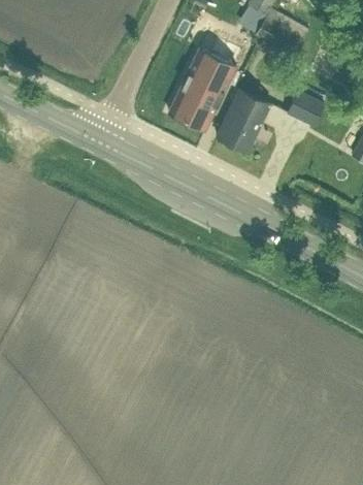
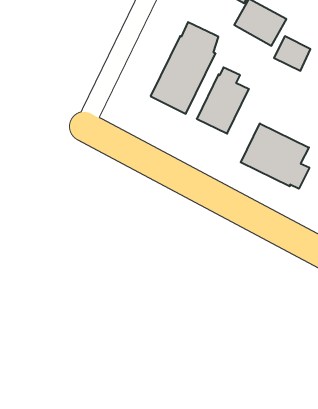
building: [287,91,325,127] -> [274,36,310,71]
building: none -> [241,123,309,189]

